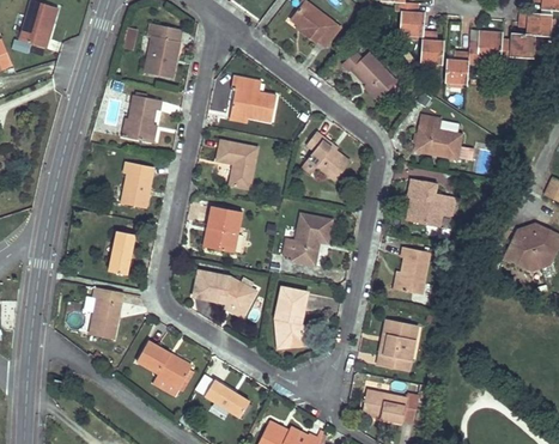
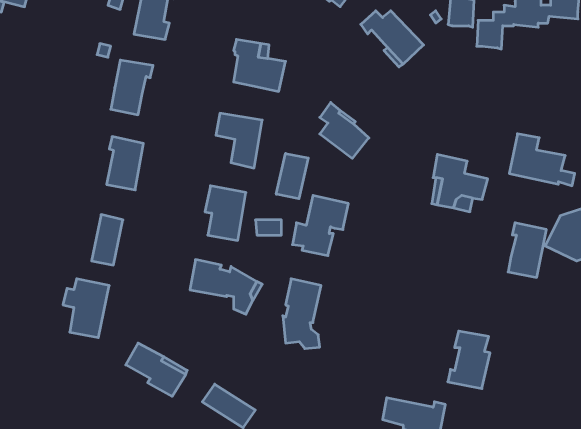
building: [413,115,470,160] -> [509,134,575,186]
building: none -> [276,153,308,199]
building: [396,247,430,294] -> [508,223,546,277]
building: [376,321,413,371] -> [448,331,490,389]

